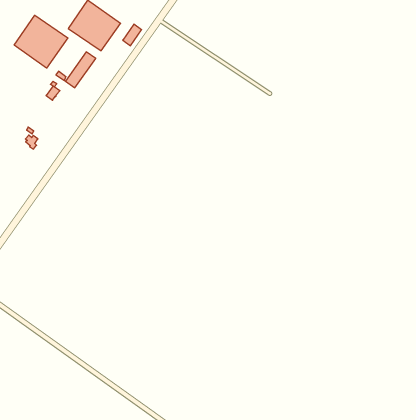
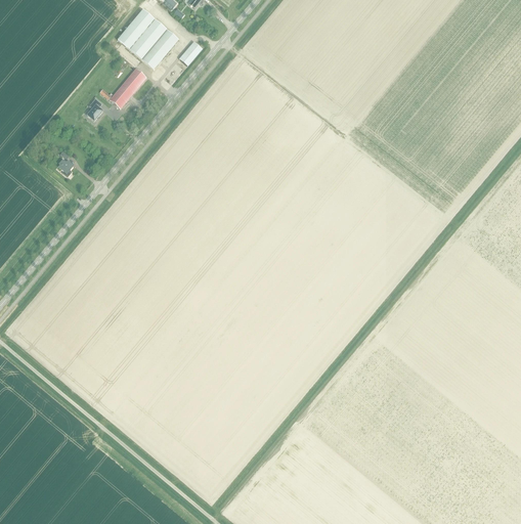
building: [14,15,68,68] -> none

